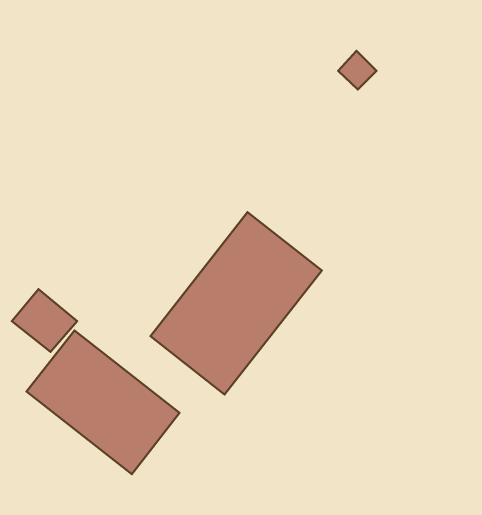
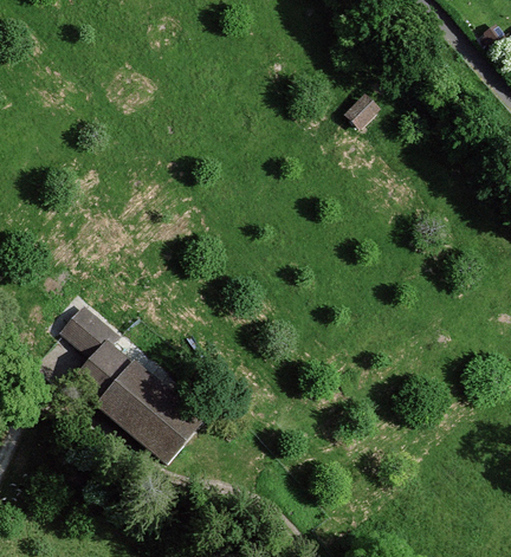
building: [150,212,322,394] -> none

